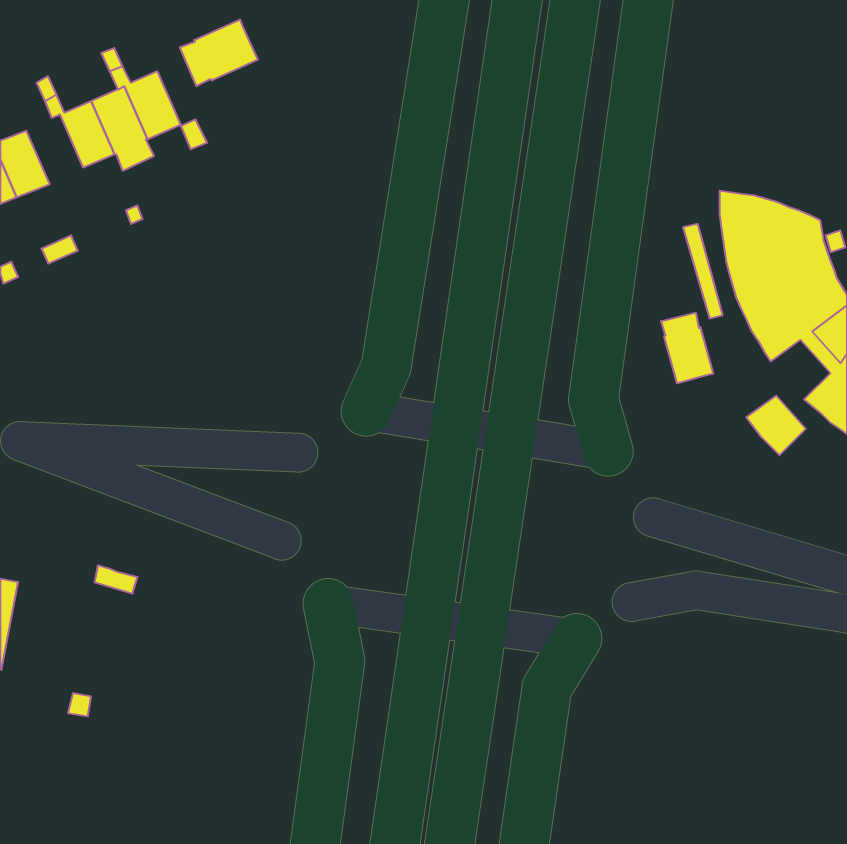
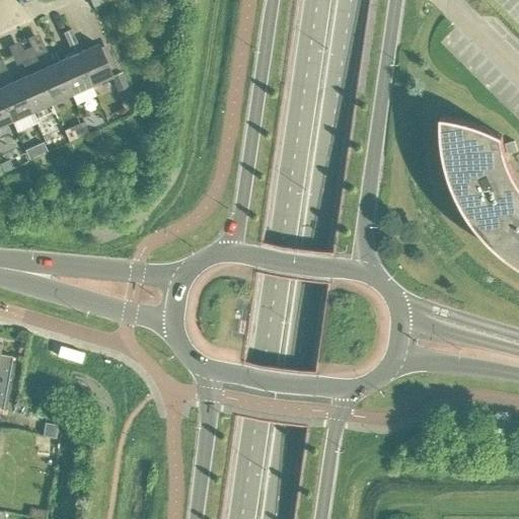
building: [180,19,258,86] -> none
building: none -> [16,72,51,115]
building: [661,313,713,383] -> none
building: [746,396,806,455] -> [471,210,508,246]

